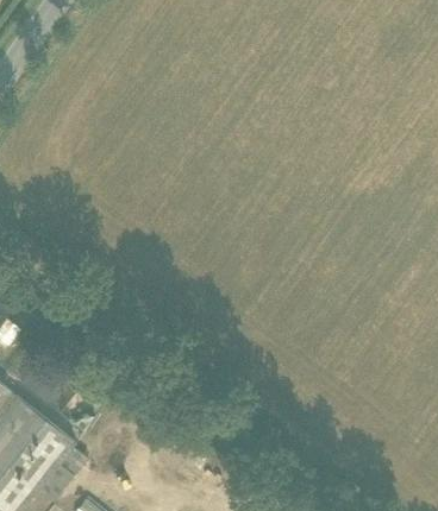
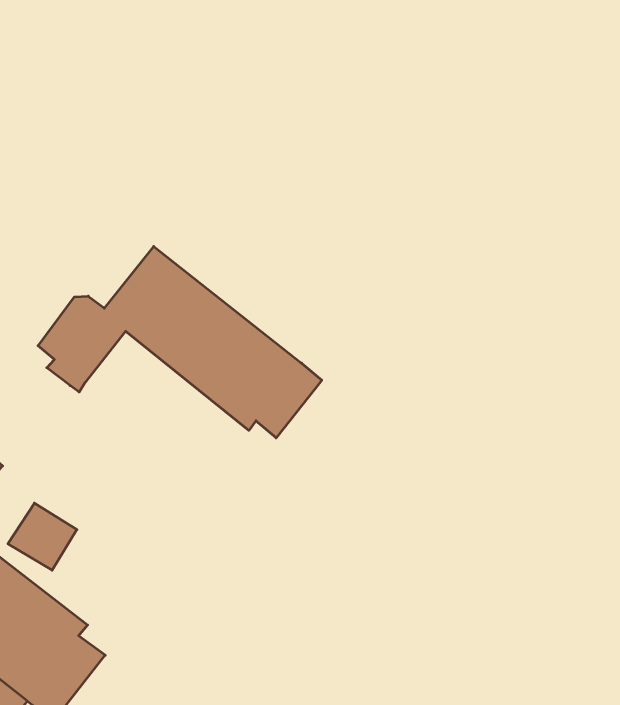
building: none -> [38,246,322,438]

